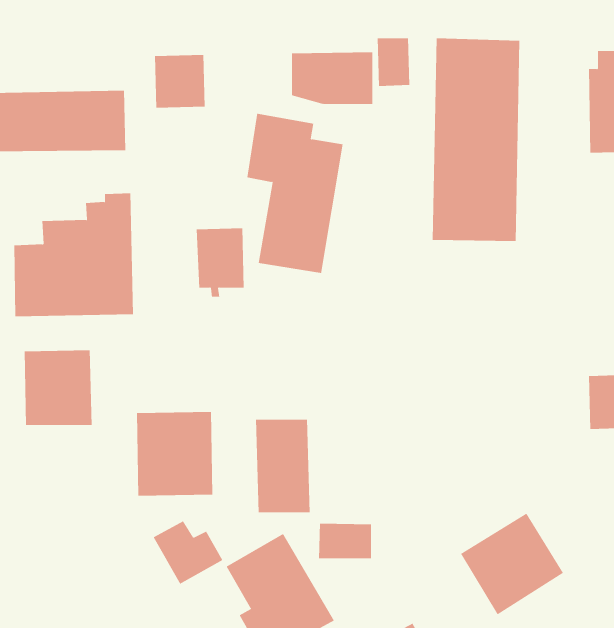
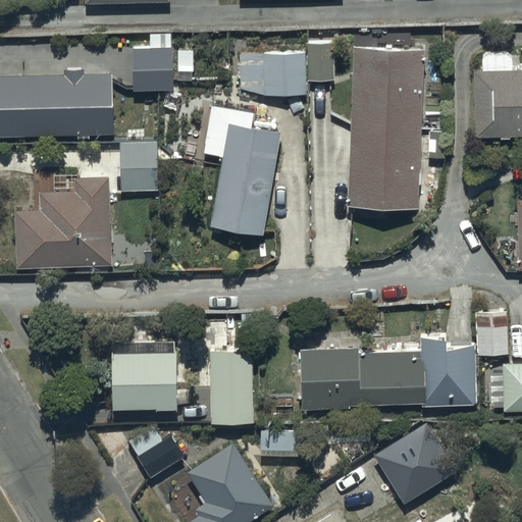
building: [196,228,245,297] -> [118,145,157,200]
building: [24,349,92,426] -> none
building: none -> [302,337,475,409]

